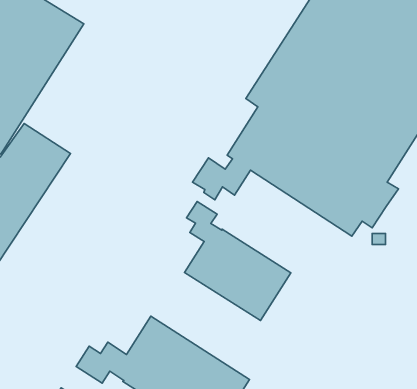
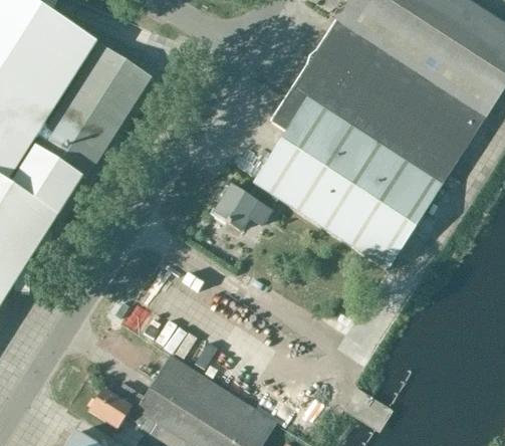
building: none -> [34,44,150,179]
building: [184,201,291,320] -> none

